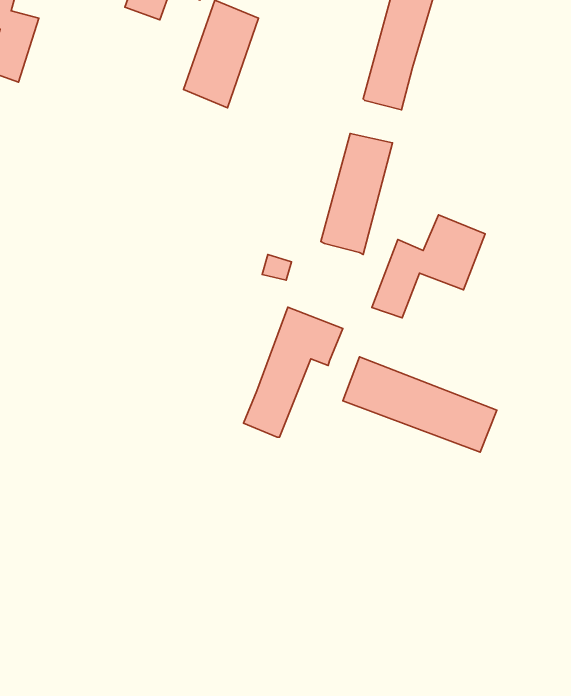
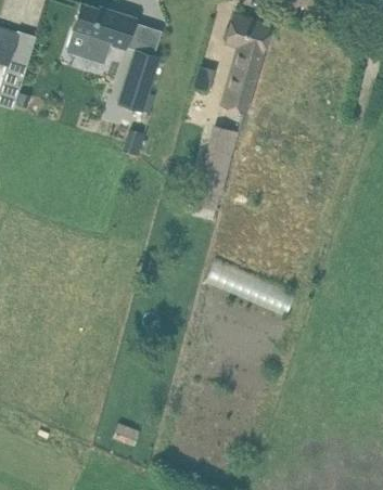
building: [372,215,485,318] -> none
building: [243,307,343,437] -> none

